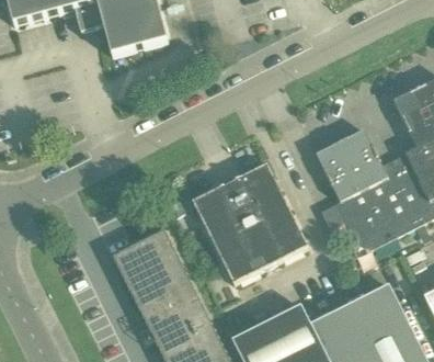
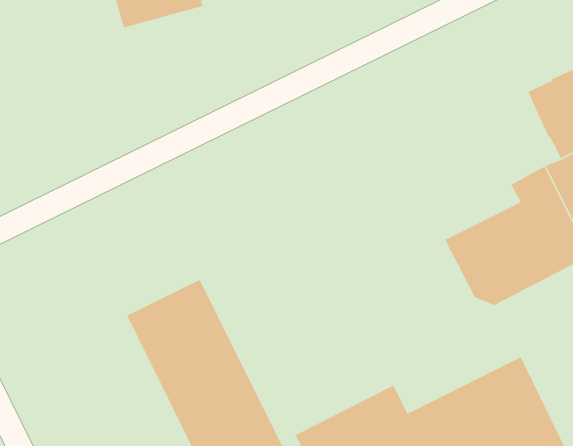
building: [315,129,387,200] -> none
building: [192,162,307,282] -> none

